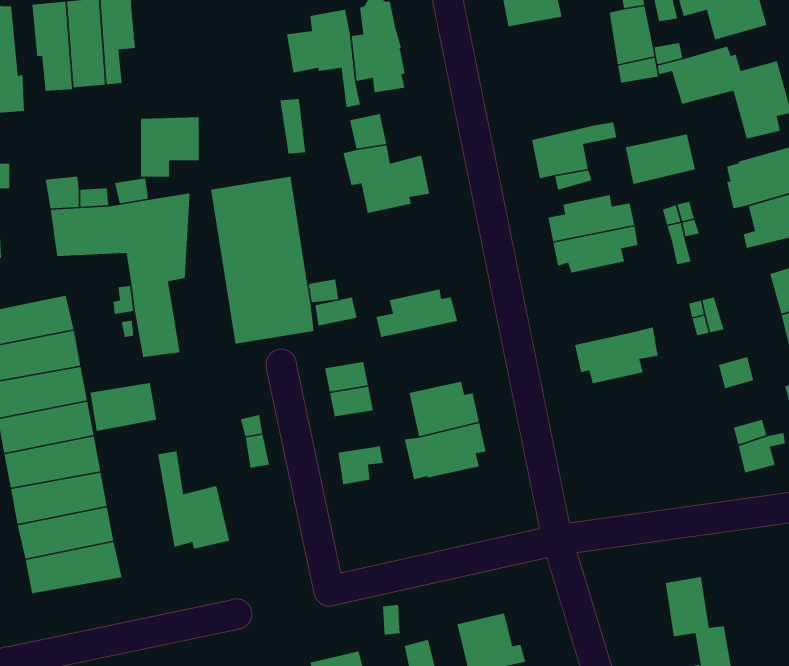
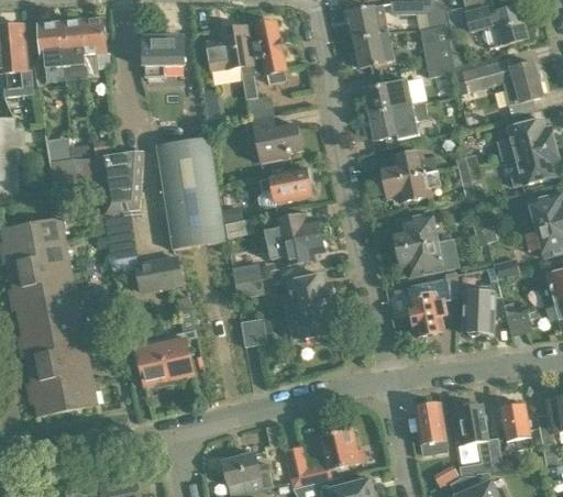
building: none -> [349,32,395,67]
building: [140,116,200,178] -> [143,36,183,77]
building: [625,134,696,185] -> [363,79,410,113]
building: none -> [256,167,313,208]
building: none -> [393,213,437,250]
building: none -> [268,234,323,265]
building: [89,382,157,432] -> [136,257,181,290]
building: none -> [406,276,455,335]
building: none -> [463,286,500,335]
building: none -> [159,338,194,380]
building: none -> [415,402,446,455]
building: none -> [499,402,532,450]

